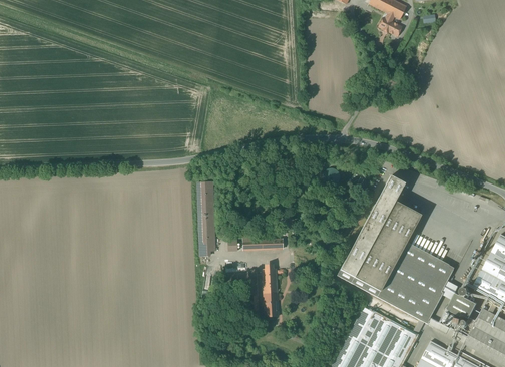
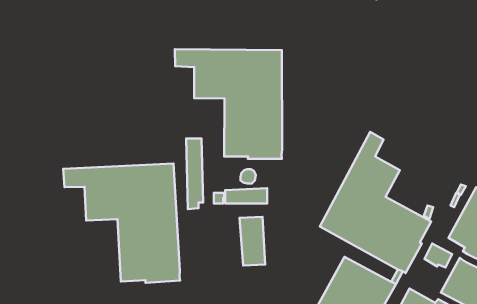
building: none -> [175,49,282,159]
building: none -> [63,163,180,283]

